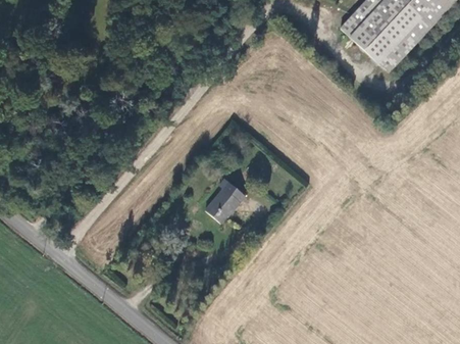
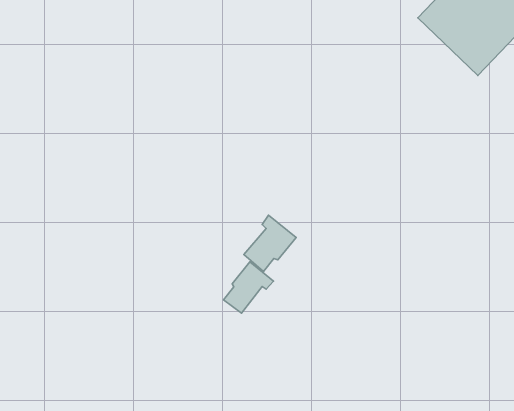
building: none -> [223,262,274,313]

